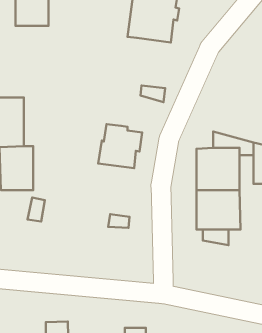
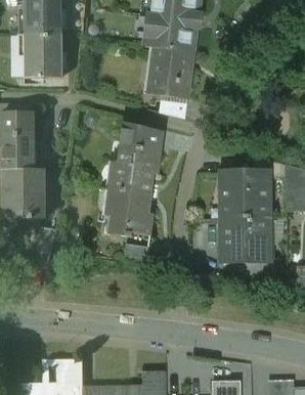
building: none -> [20,34,58,76]
building: none -> [150,47,193,98]
building: none -> [138,120,165,152]
building: none -> [108,187,154,236]

